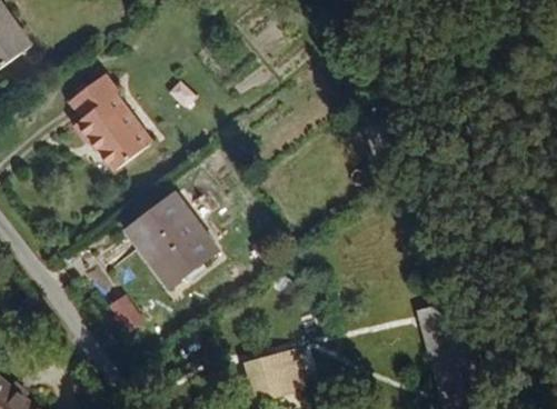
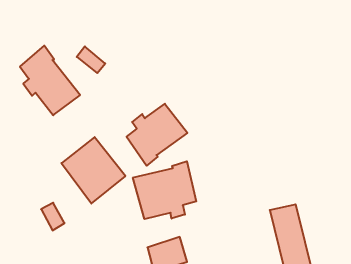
building: none -> [127,104,187,166]
building: none -> [133,161,196,219]

